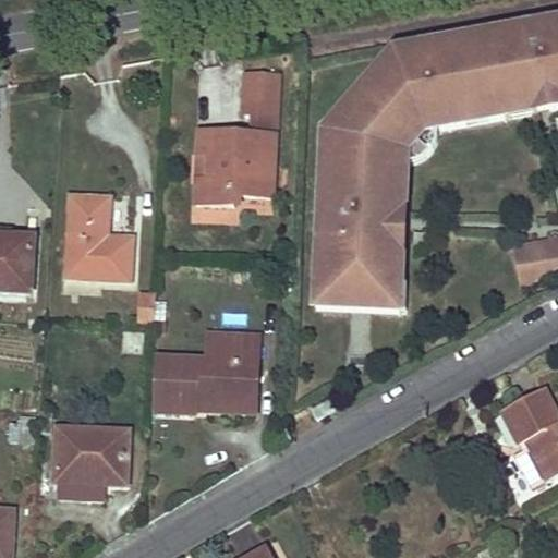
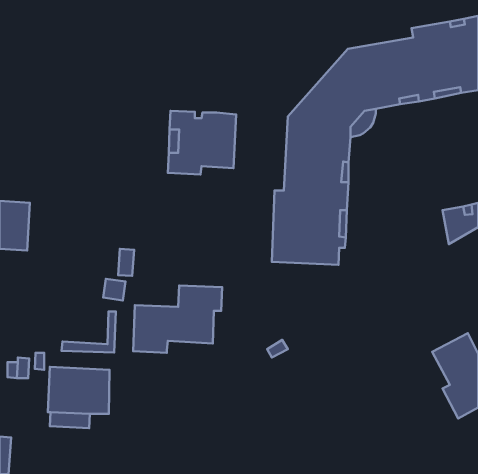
building: [319,33,481,221] -> none
building: [243,71,278,133] -> none
building: [65,193,132,278] -> none
building: [194,361,257,409] -> [62,311,116,353]

